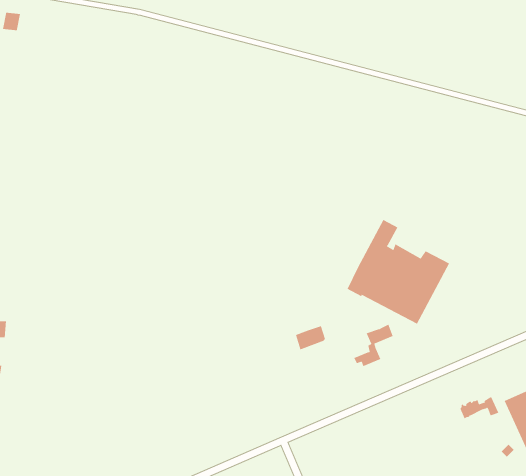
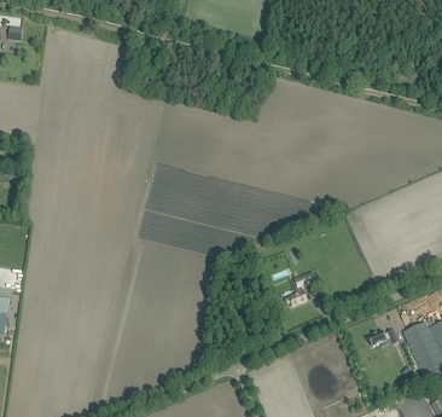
building: [347,219,450,324] -> none

